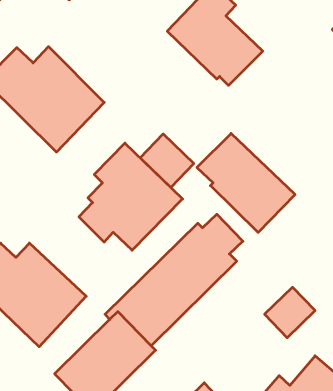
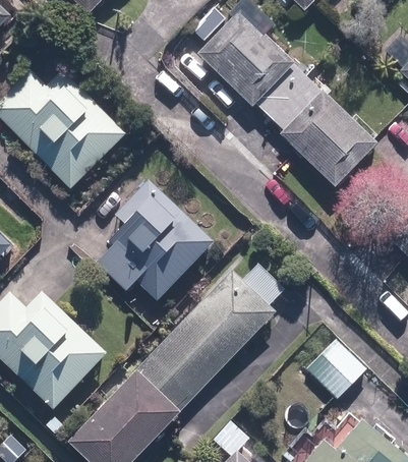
building: [197,133,295,232] -> [267,75,377,187]
building: [140,134,194,187] -> none

